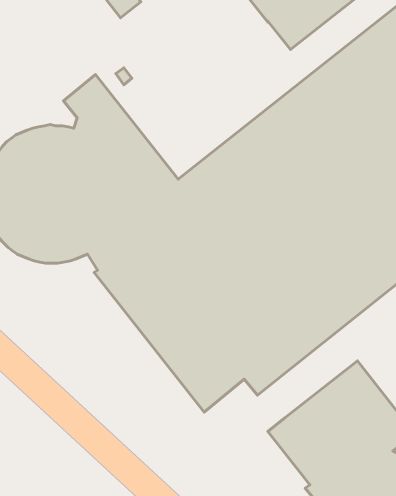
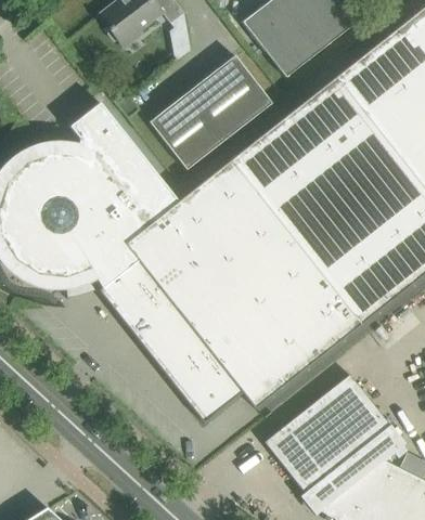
building: none -> [150,54,272,169]

